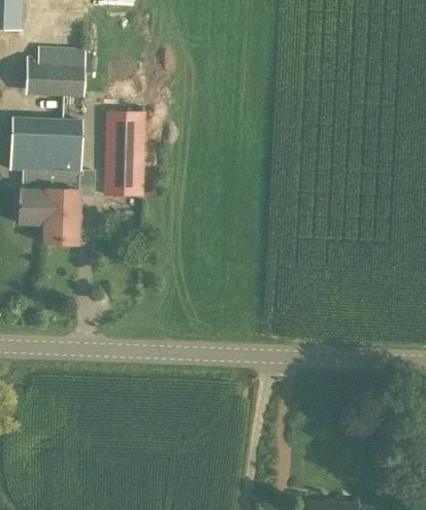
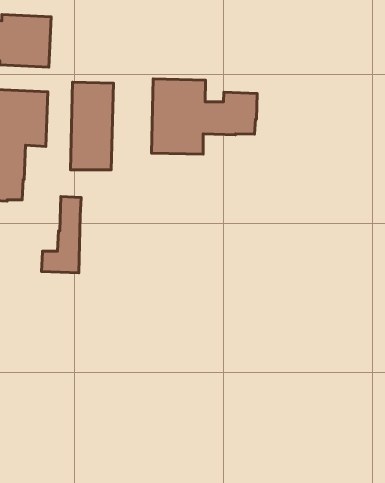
building: none -> [152,79,257,154]
building: [42,172,80,245] -> [41,197,81,273]

